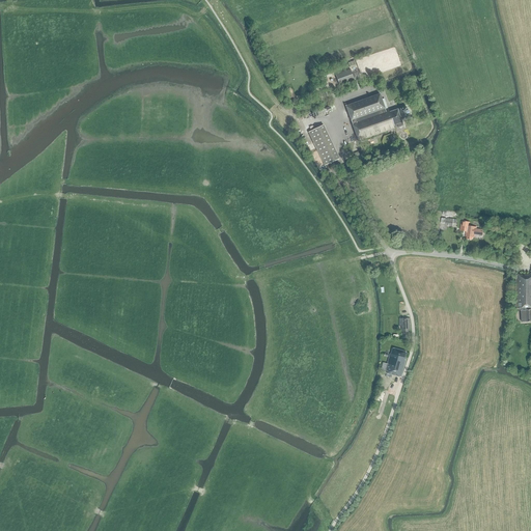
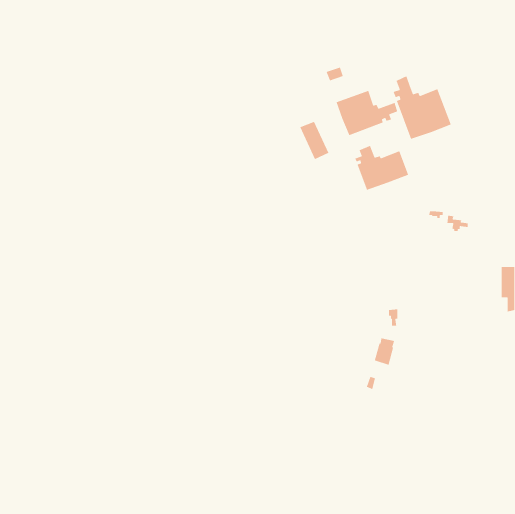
building: none -> [393,75,452,140]
building: none -> [354,145,409,191]

